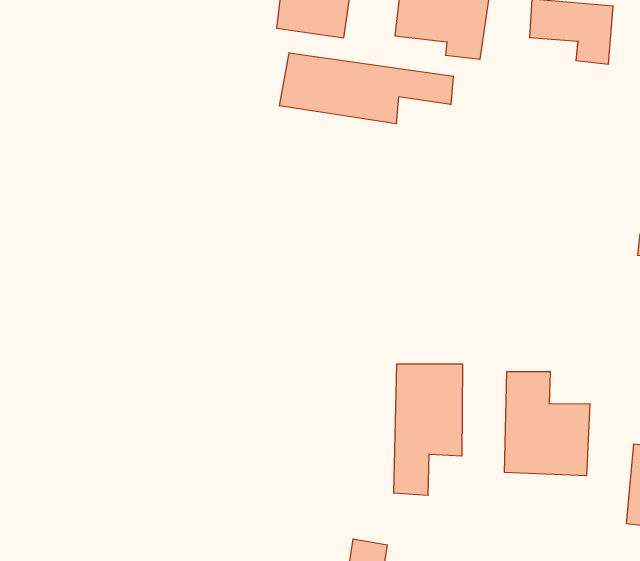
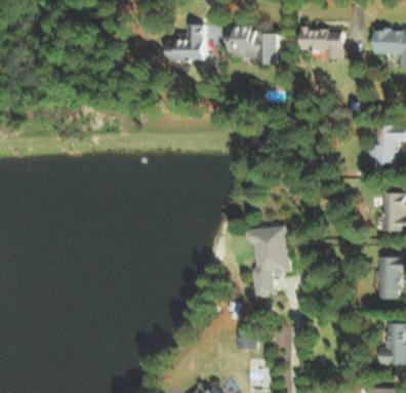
building: [279,53,453,124] -> none
building: [505,371,590,476] -> none

